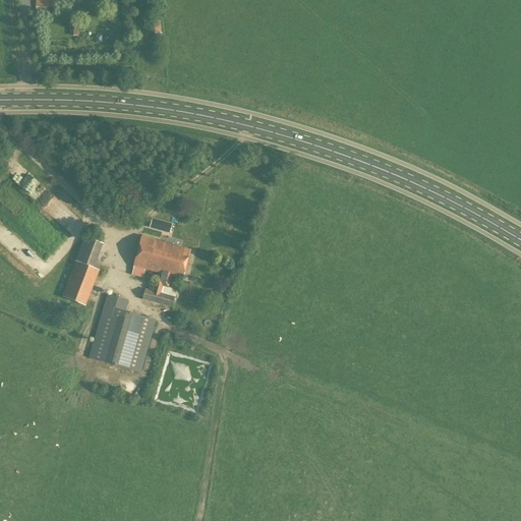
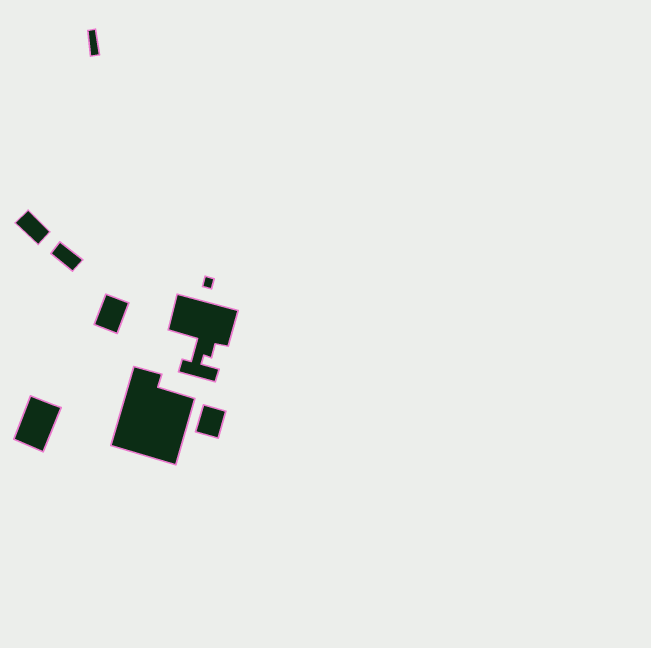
building: [62,259,100,304] -> [14,396,61,452]
building: none -> [196,405,226,438]

